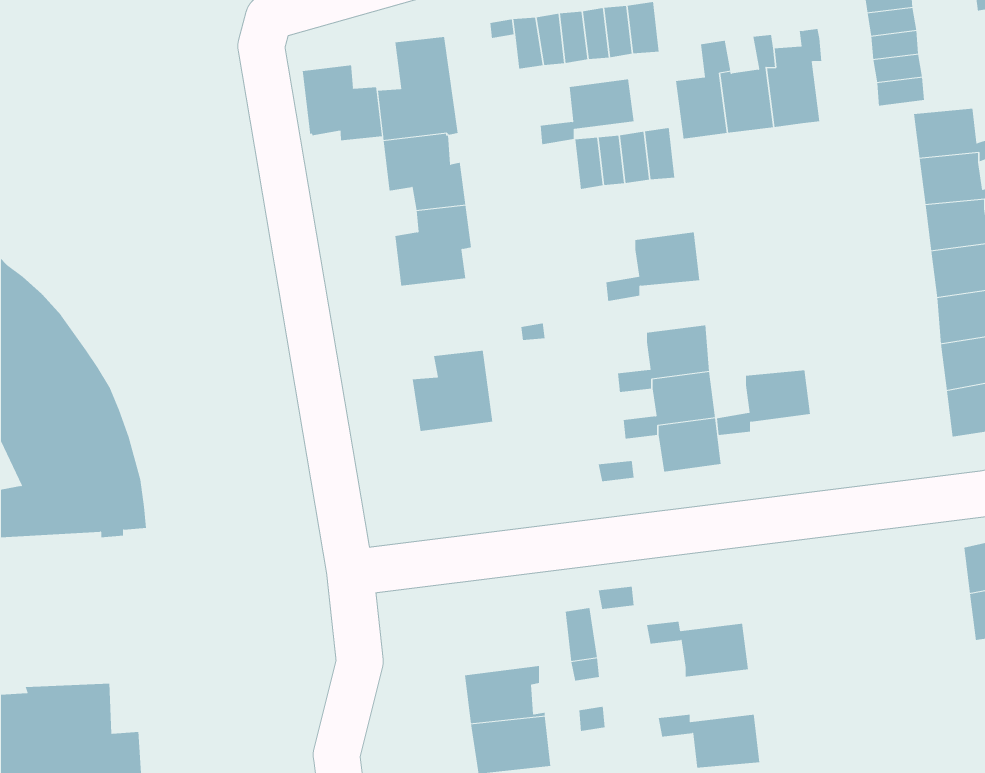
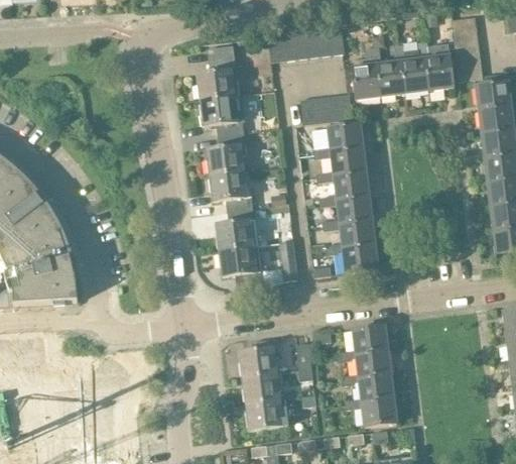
building: none -> [424,42,453,89]
building: [302,65,383,141] -> none
building: [540,79,635,145] -> [313,124,363,158]
building: none -> [210,170,253,211]
building: [716,370,811,436] -> [319,171,369,206]
building: none -> [220,239,298,286]
building: none -> [353,325,388,354]
building: none -> [240,338,282,377]
building: none -> [341,373,394,401]

